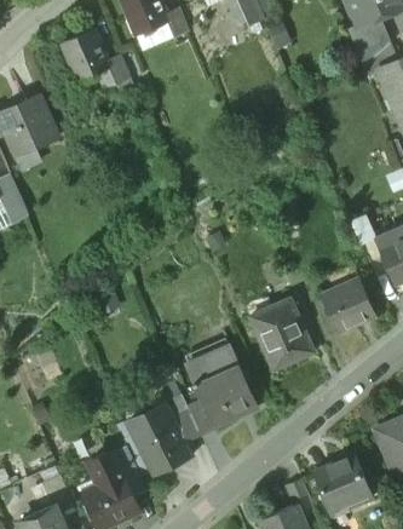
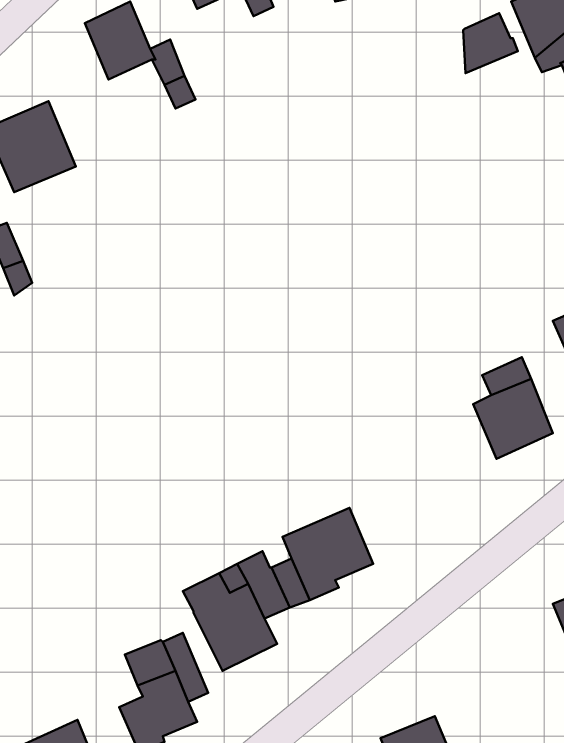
building: none -> [463,13,518,73]
building: [254,299,313,370] -> none
building: [185,345,238,385] -> none
building: [313,455,372,508] -> none

